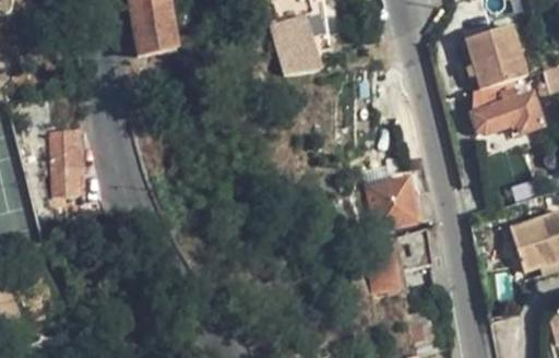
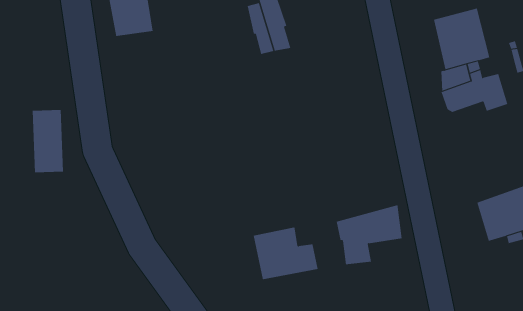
building: [367,176,435,230] -> [253,227,318,280]

